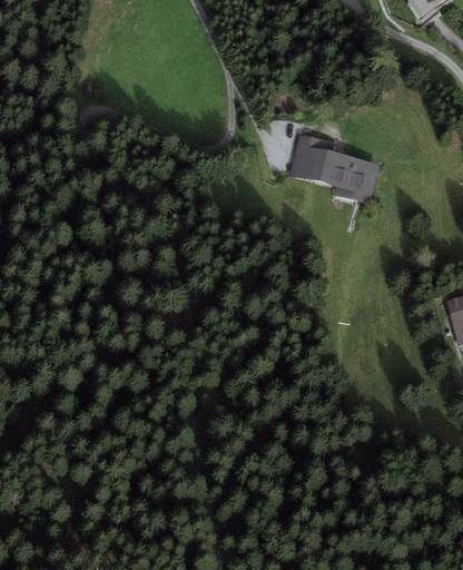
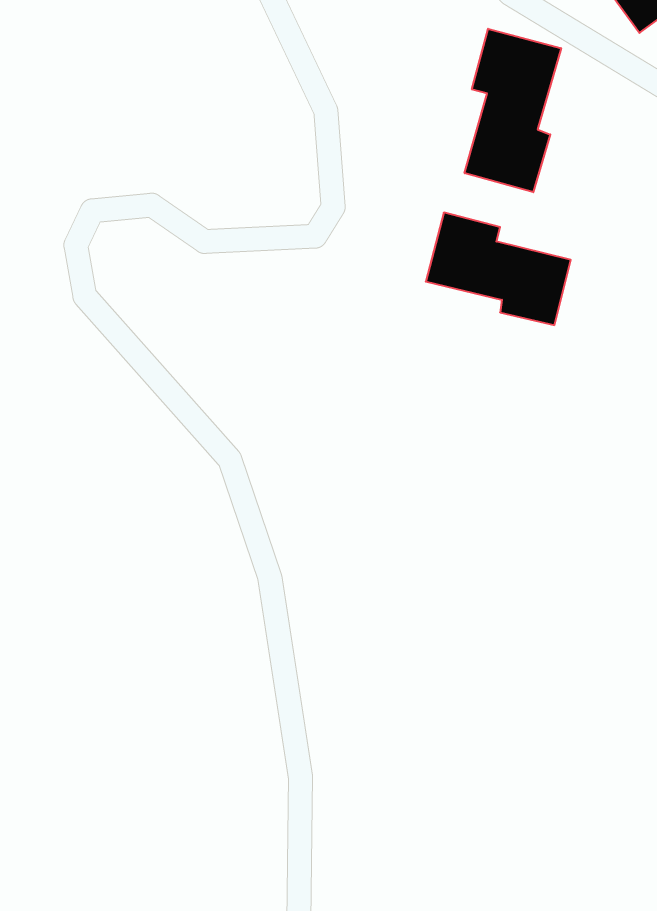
building: none -> [465,29,561,192]

